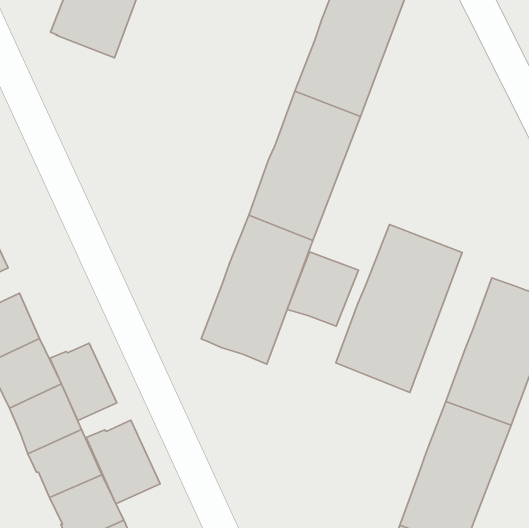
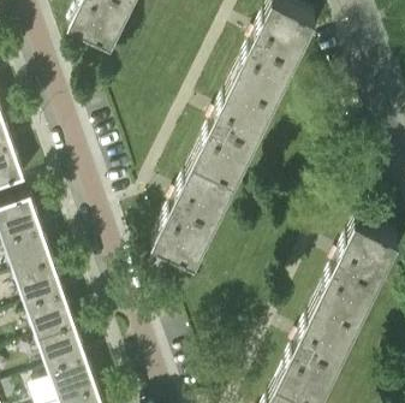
building: [336,224,462,392] -> none
building: [287,252,358,326] -> none
building: [50,343,117,420] -> none
building: [86,420,160,504] -> none

